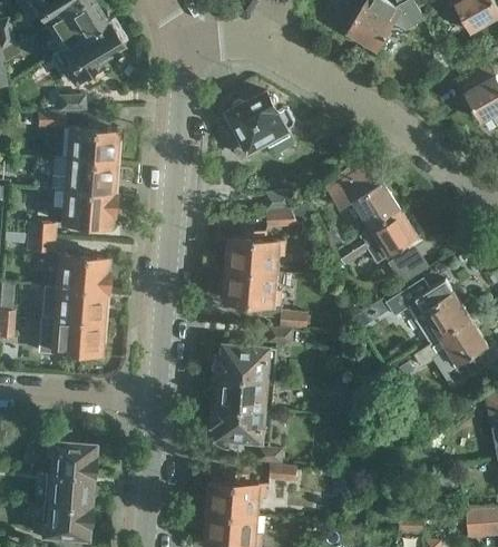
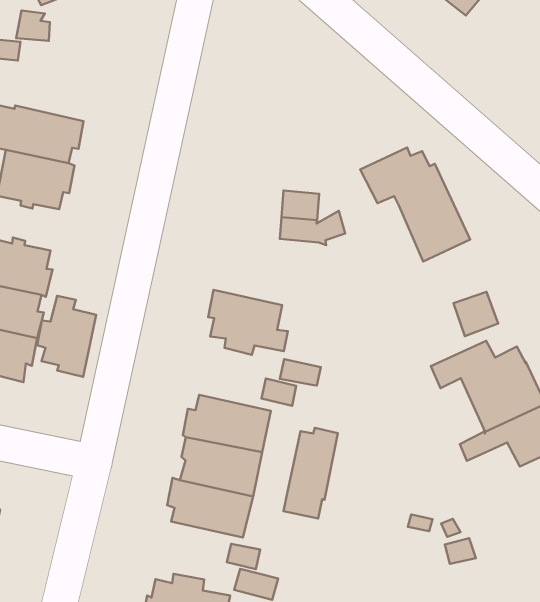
building: [219,92,294,156] -> none
building: [66,125,117,163] -> none
building: [328,209,418,275] -> none
building: [224,232,284,274] -> none
building: none -> [37,296,96,377]
building: none -> [284,428,338,518]

